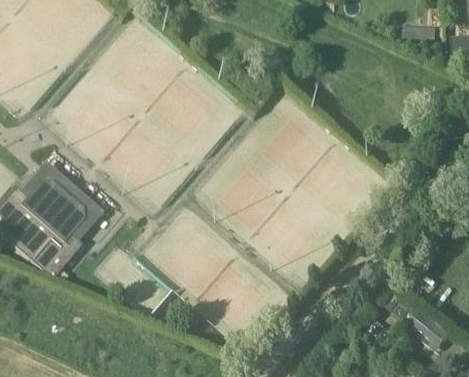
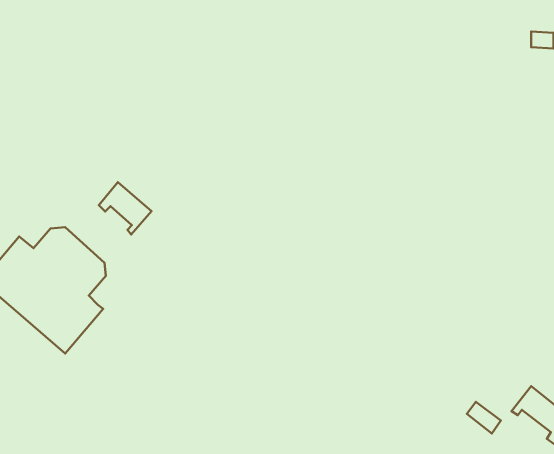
building: none -> [99,182,152,235]

